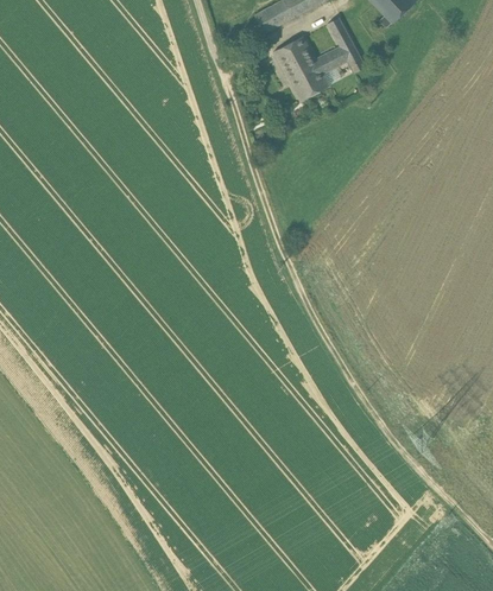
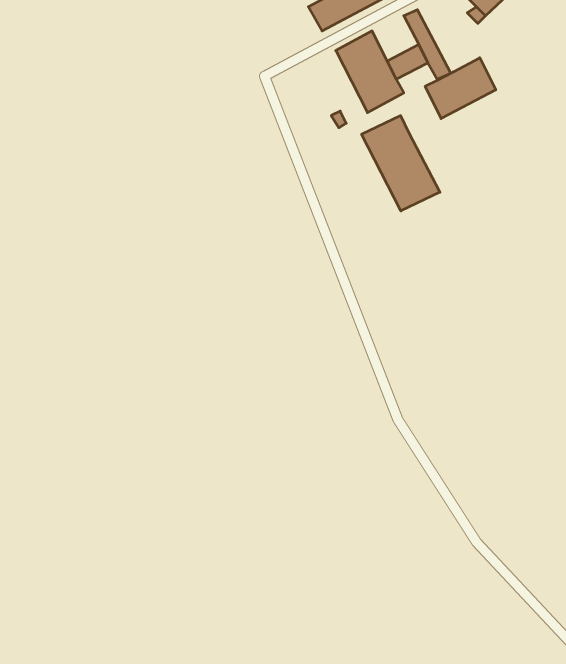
building: none -> [425,58,496,119]
building: none -> [362,116,440,211]

